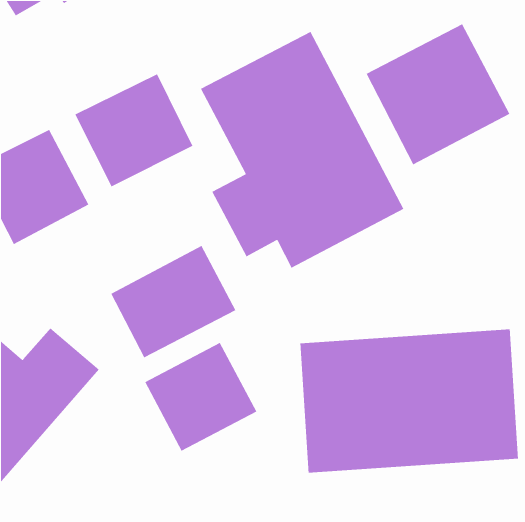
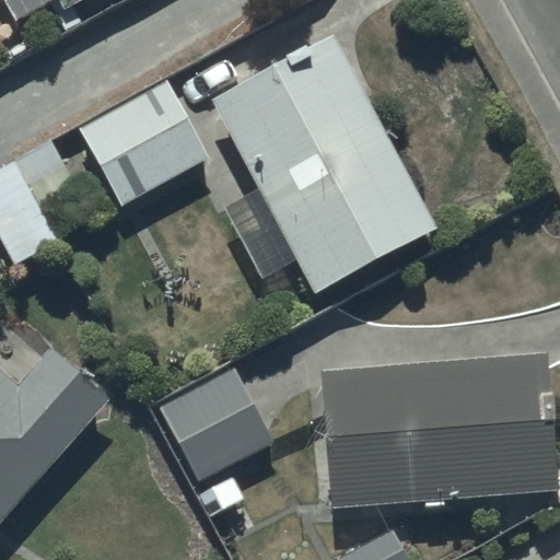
building: [366,23,510,166] -> none
building: [110,245,236,359] -> none

